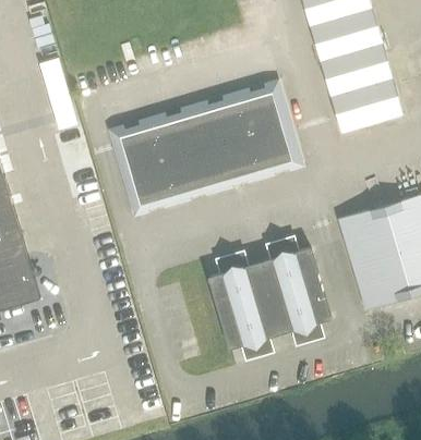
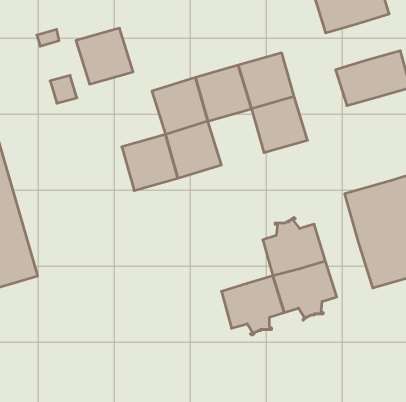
building: [321,42,394,97] -> none
building: [109,118,165,172] -> [76,28,133,84]
building: [206,135,261,190] -> none
building: [208,255,269,313] -> none

